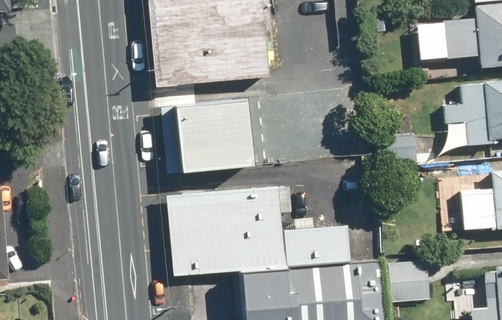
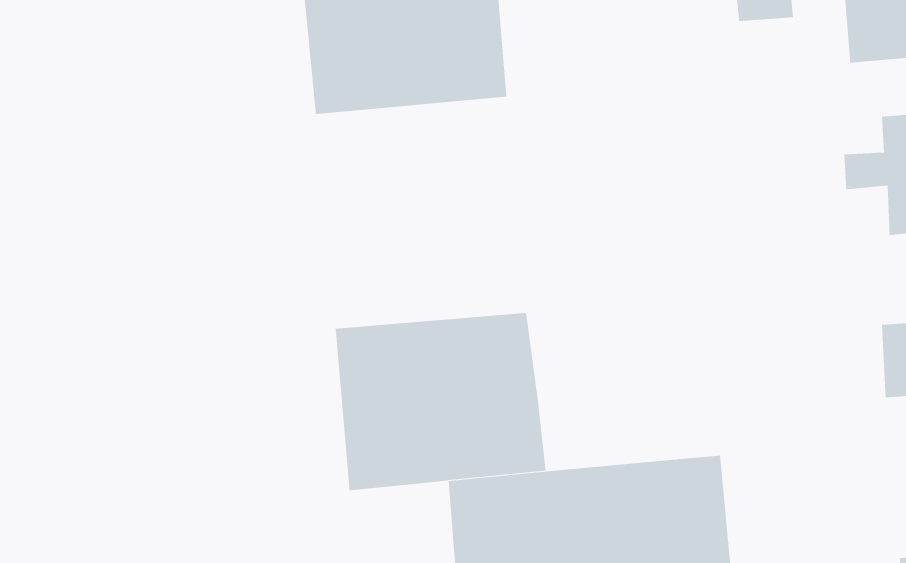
building: [171,98,256,172] -> none
building: [282,223,351,265] -> none
building: [382,259,424,303] -> none

